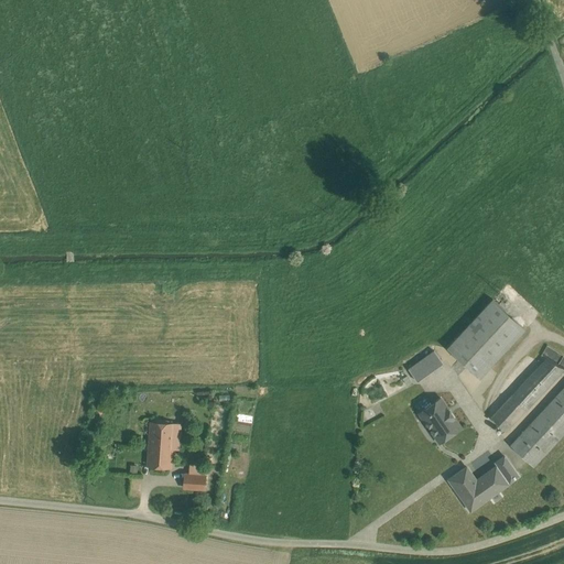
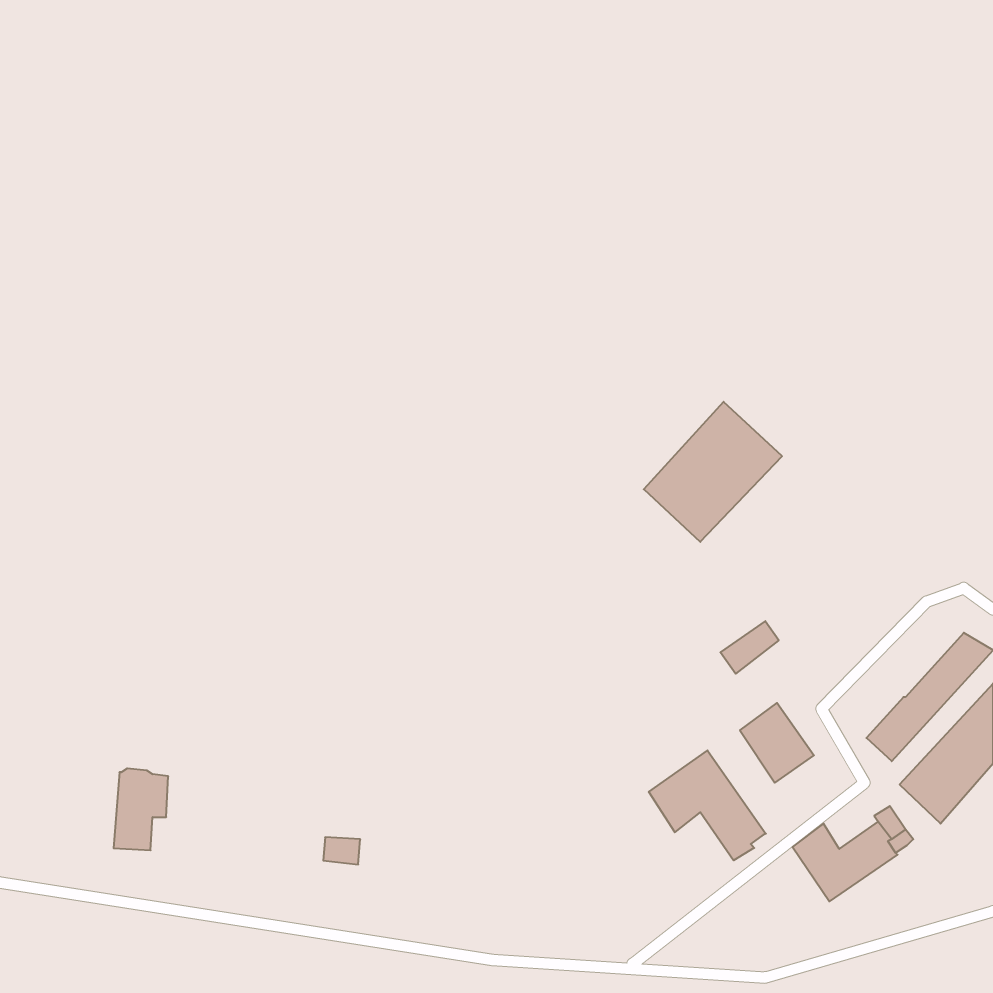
building: [446,300,524,379] -> [644,402,782,542]
building: [148,421,178,467] -> [114,768,168,850]
building: none -> [649,750,766,860]

